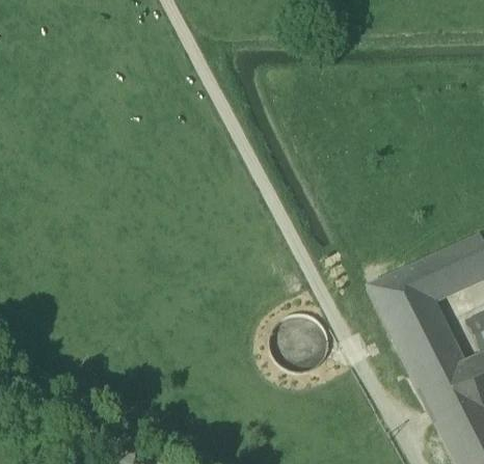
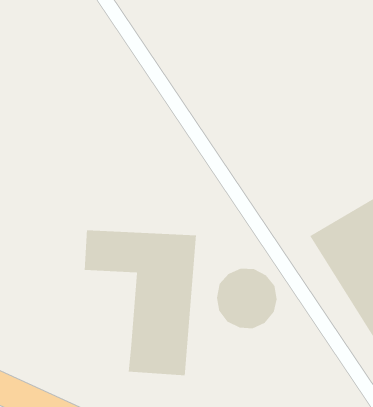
building: none -> [84,229,197,376]

